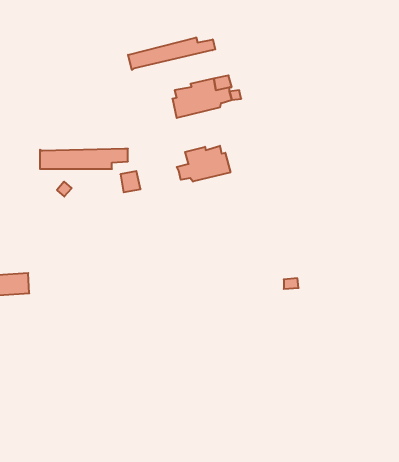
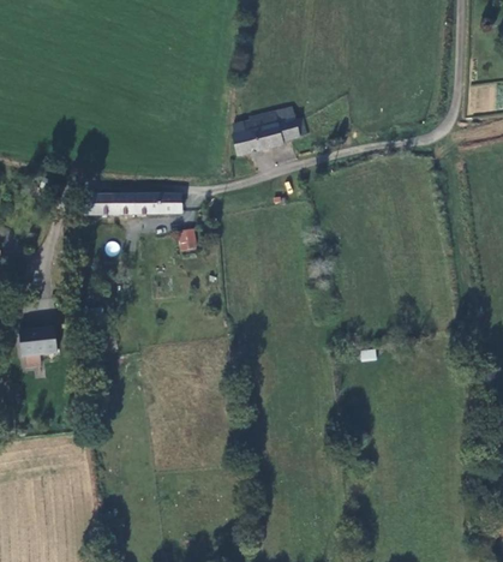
building: [128,37,215,70] -> none
building: [177,146,230,182] -> none

